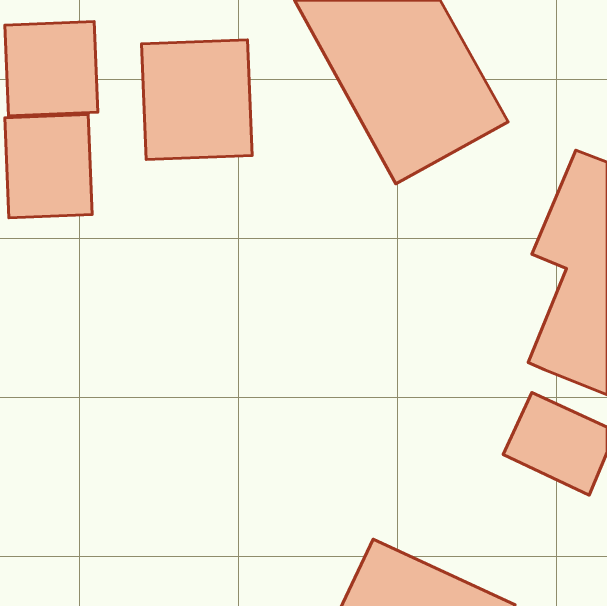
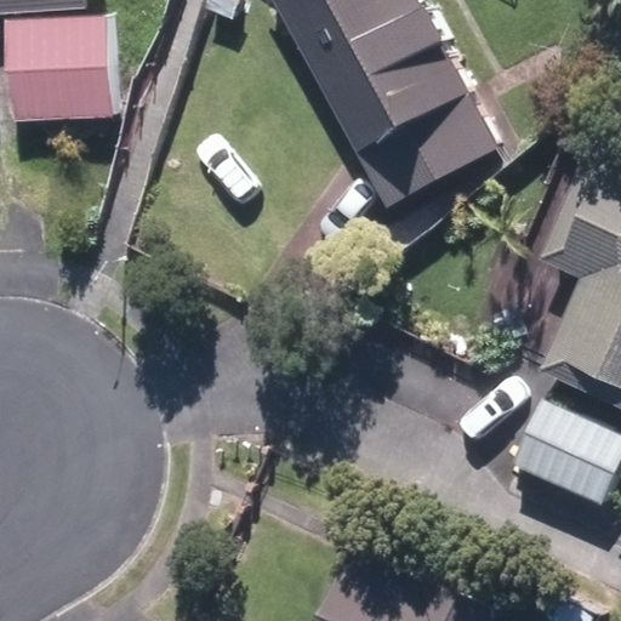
building: [142,40,252,160] -> none
building: [5,114,92,218] -> none

